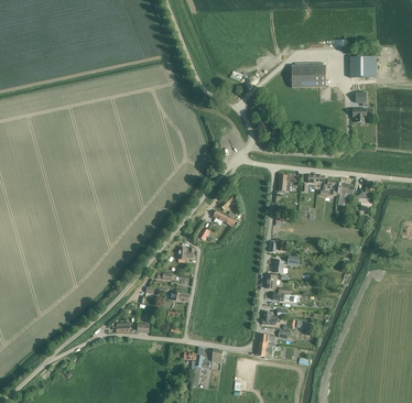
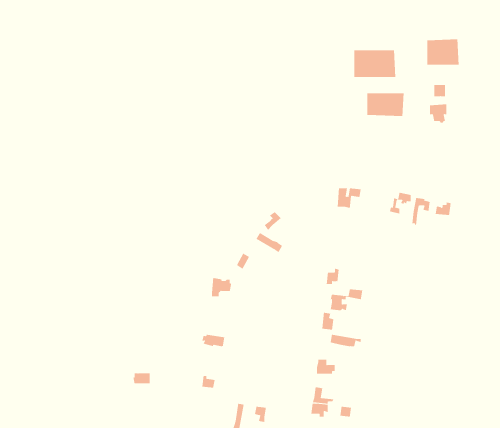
building: none -> [367,92,404,117]

